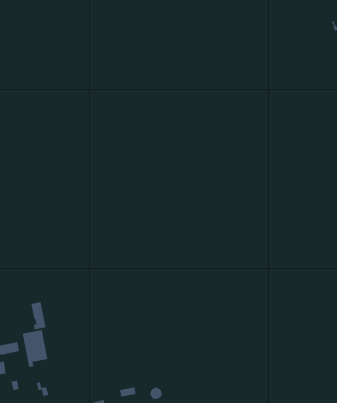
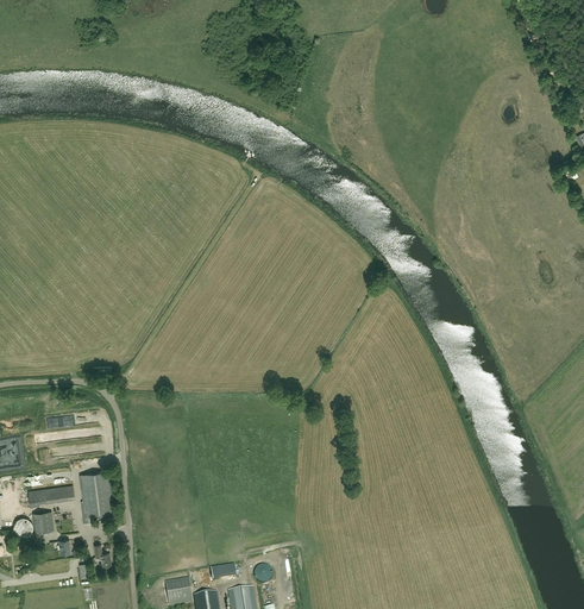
building: [31,301,46,330] -> none

